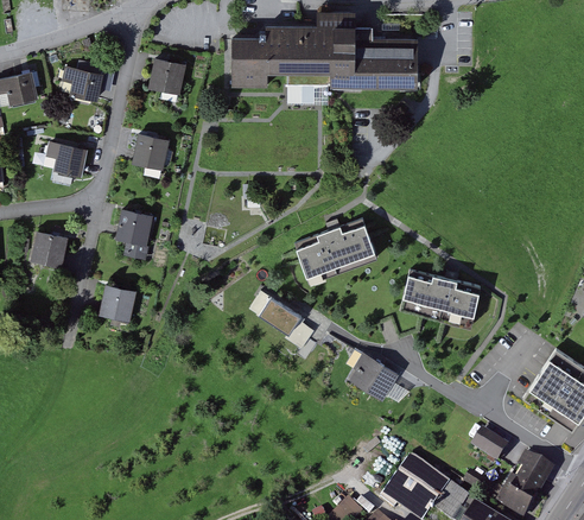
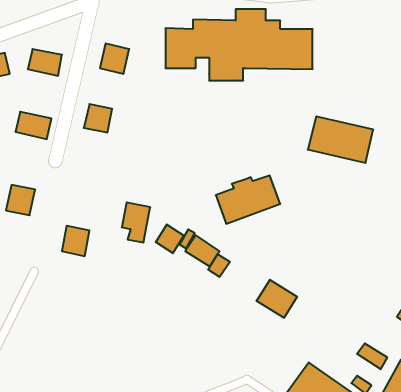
building: [115,208,151,258] -> [122,202,150,242]
building: [398,268,480,326] -> [308,116,373,163]
building: none -> [156,224,184,253]

